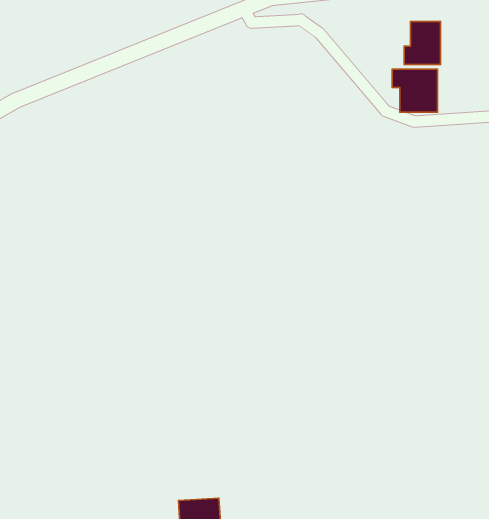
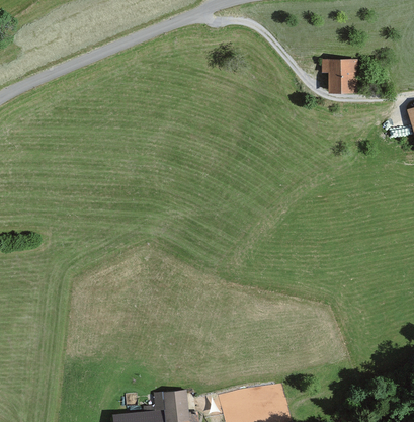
building: [404,21,441,64] -> none

